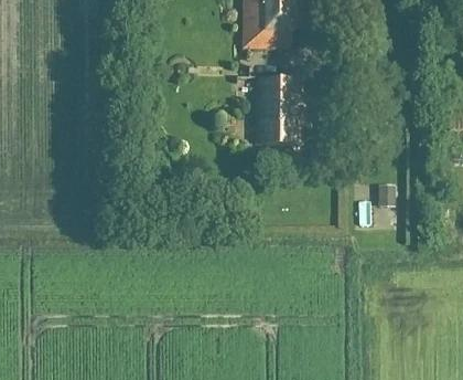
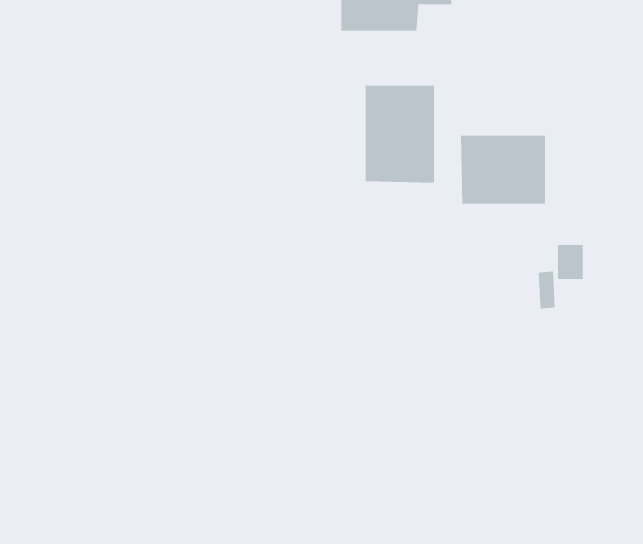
building: none -> [460,135,546,205]

